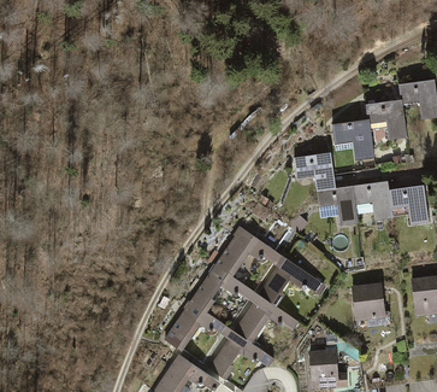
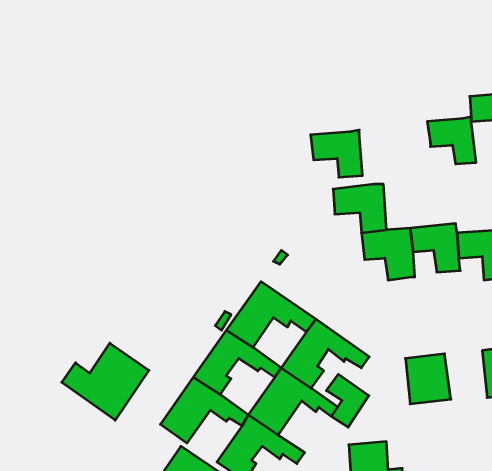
building: [332,121,372,157] -> [311,130,362,177]
building: none -> [62,343,149,420]
building: none -> [326,374,369,427]

